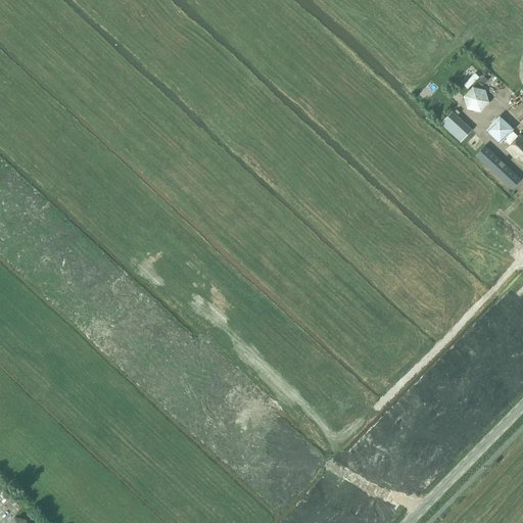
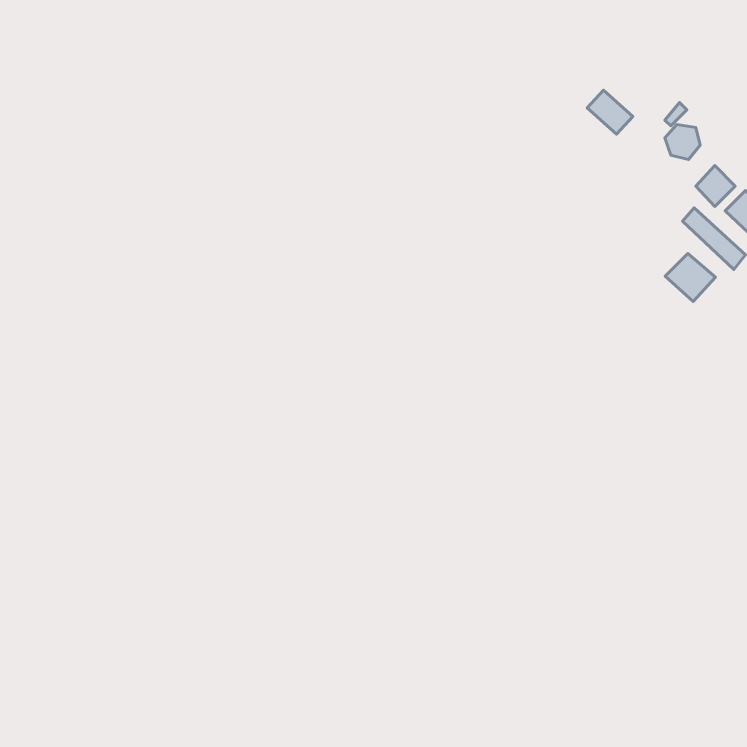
building: [442,111,474,142] -> [587,90,633,134]
building: none -> [665,253,715,302]

